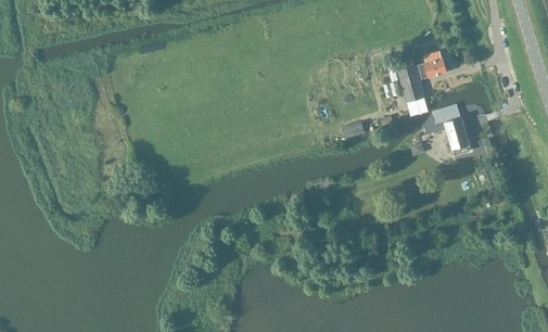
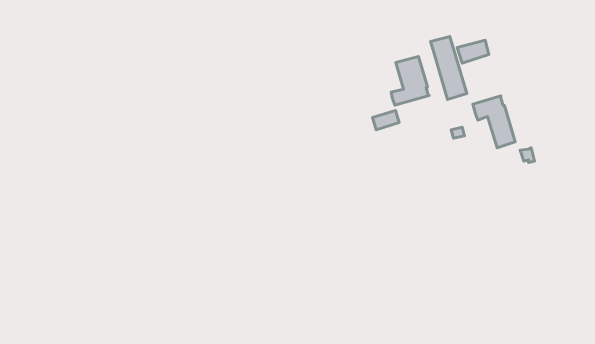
building: none -> [391,57,429,105]

